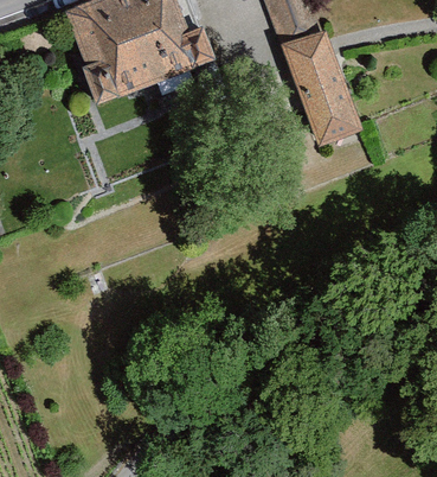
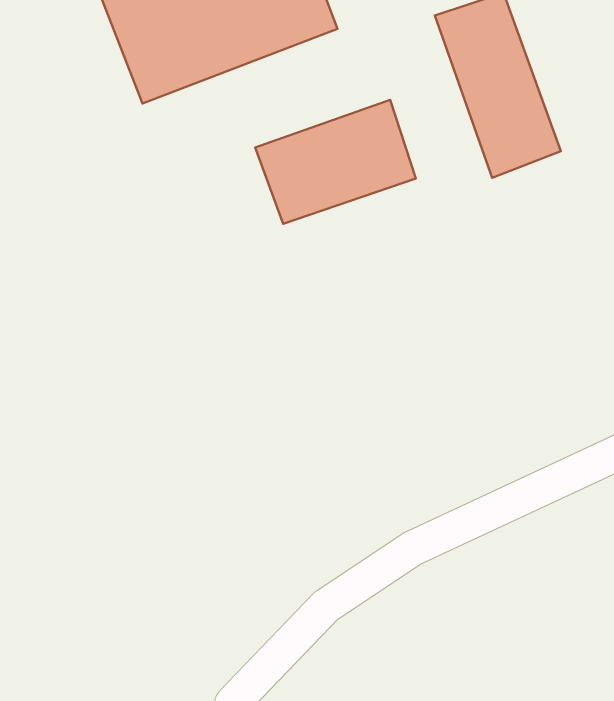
building: none -> [255,100,416,224]

